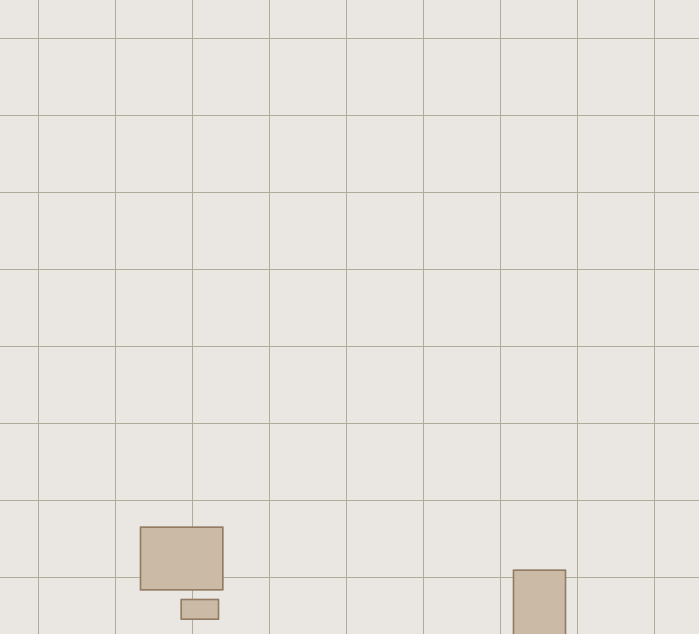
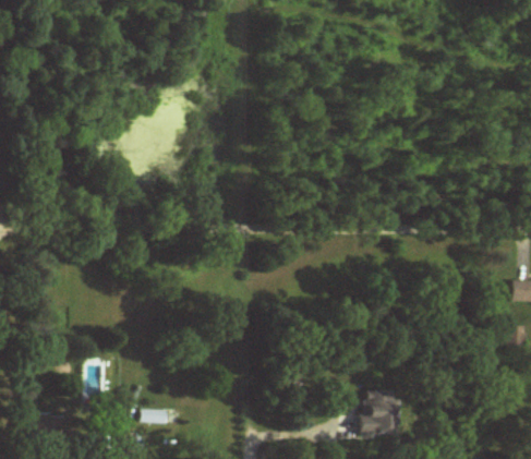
building: [140,527,223,590] -> none

